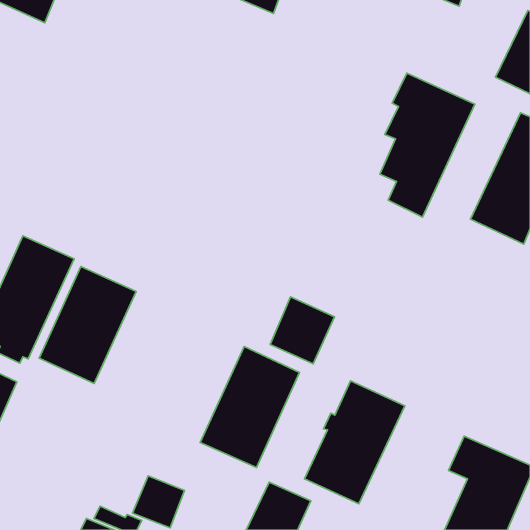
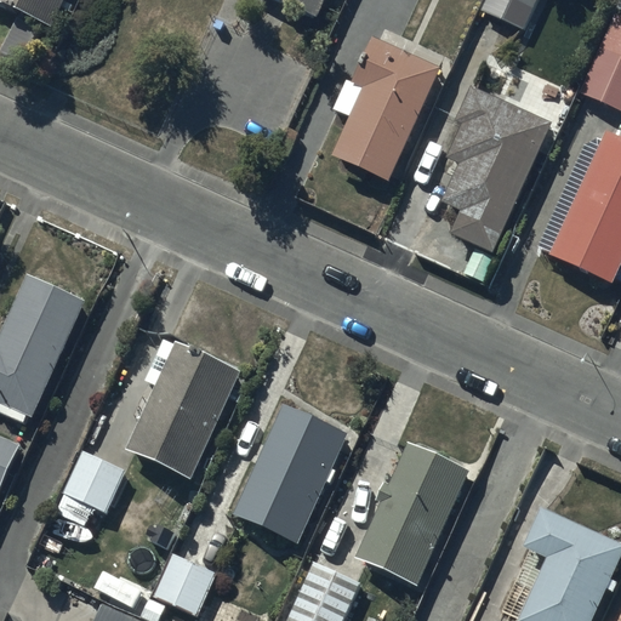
building: none -> [332,36,441,181]
building: [39,266,136,383] -> [127,342,240,478]
building: [270,297,335,364] -> none
building: none -> [62,449,127,513]

